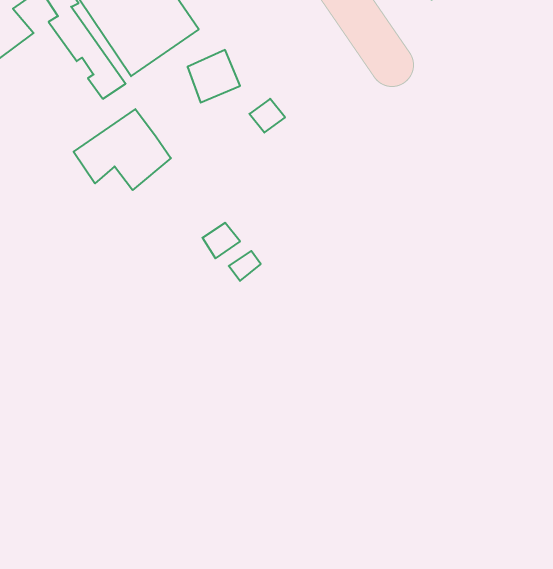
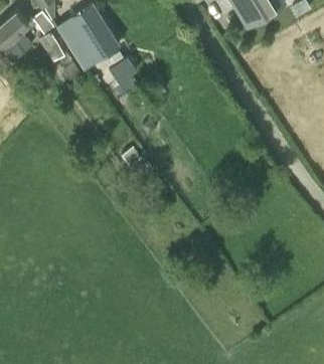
building: [74,109,171,190] -> none

